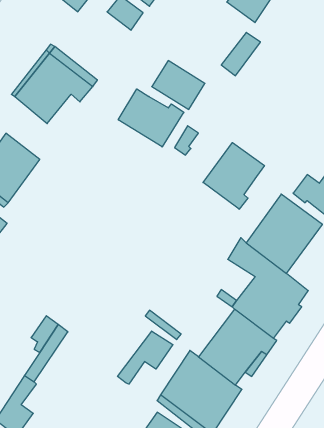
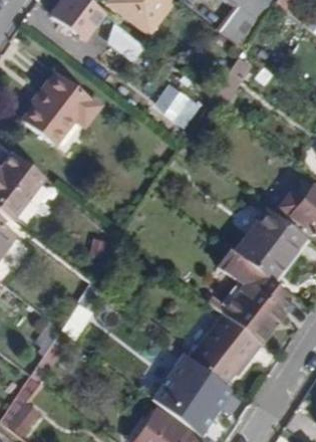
building: [118,89,184,147] -> none
building: [203,143,264,209] -> none
building: [118,331,173,384] -> none

